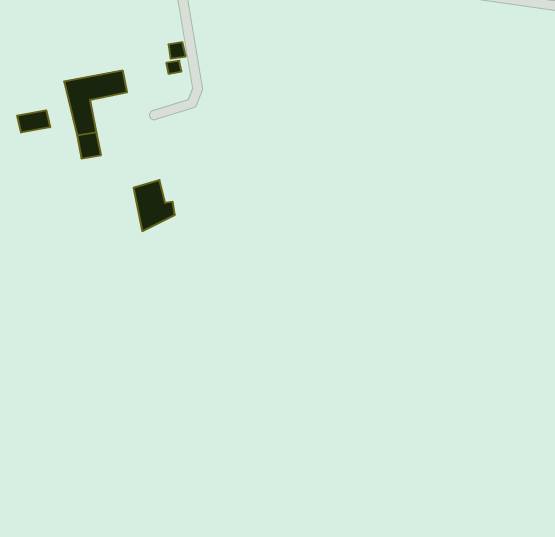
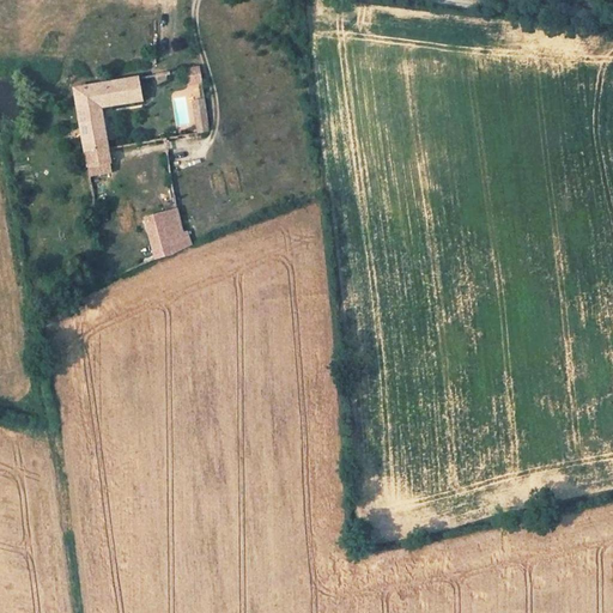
building: [17,110,50,133] -> none

